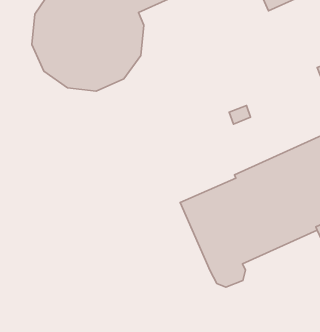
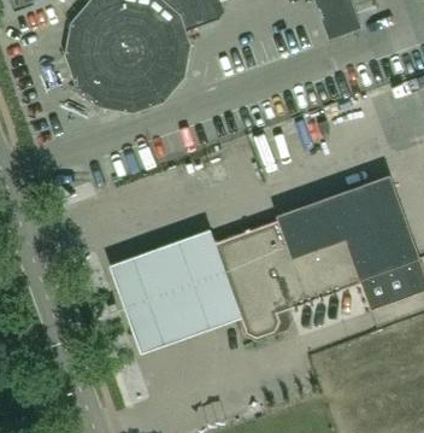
building: none -> [108,229,240,355]

